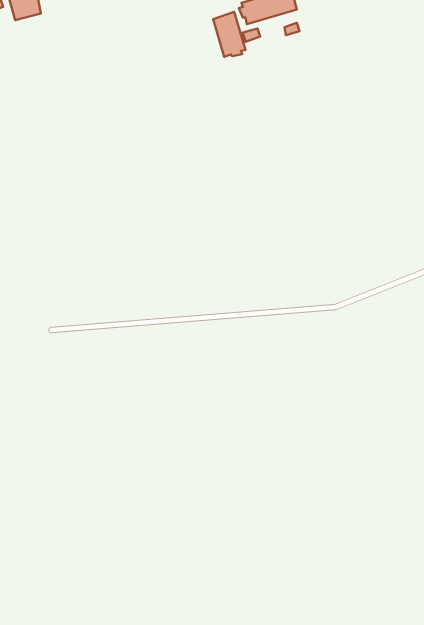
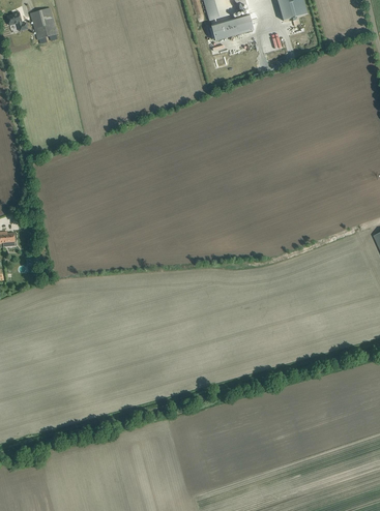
building: [213,12,245,57] -> none

